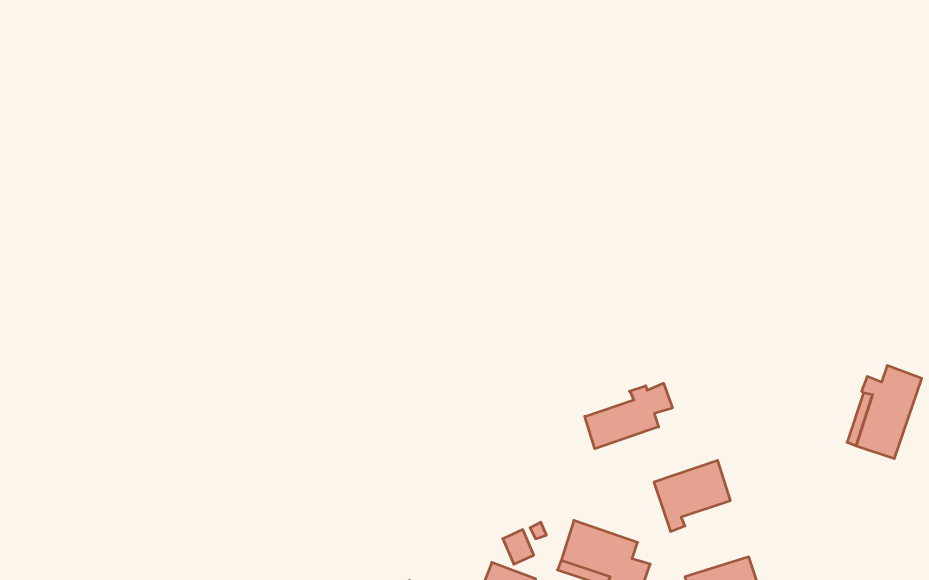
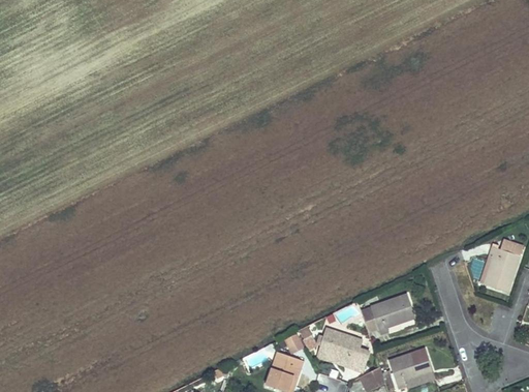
building: [585,383,672,449] -> none

